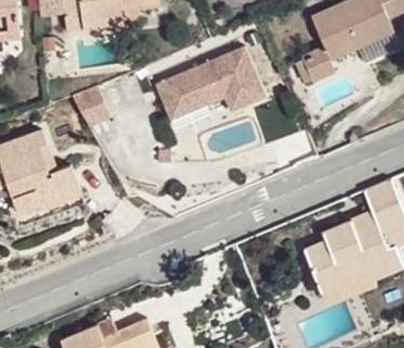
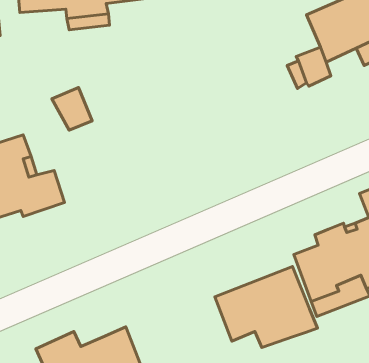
building: [156,46,267,120] -> none
building: none -> [215,267,318,347]

